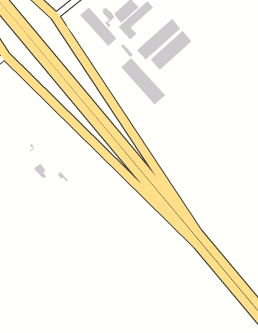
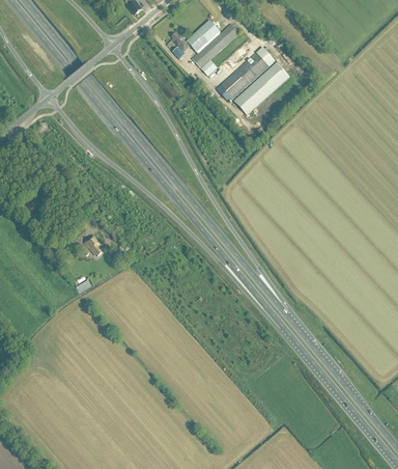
building: [79,6,117,47] -> none
building: [121,57,166,106] -> none

